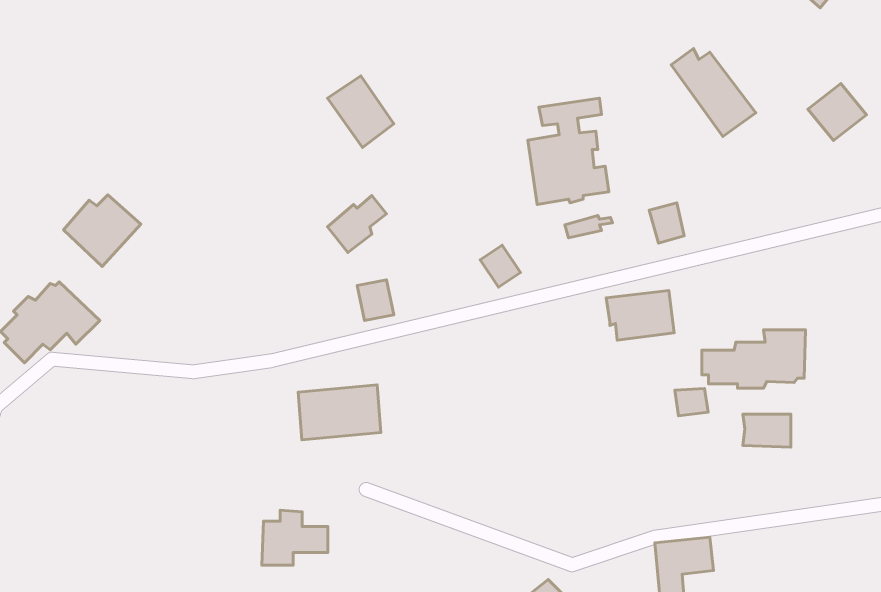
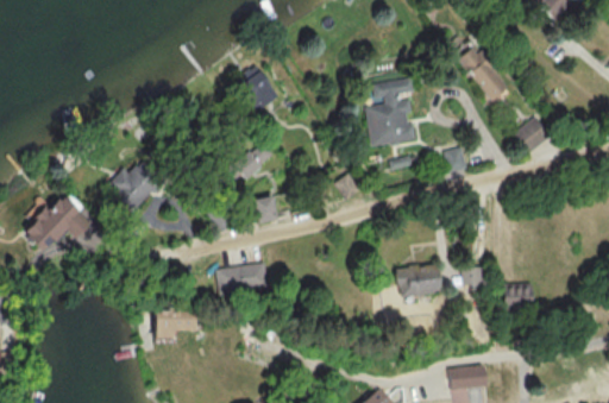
building: [808,83,867,140] -> [514,117,552,153]
building: [64,195,141,266] -> [106,164,156,210]
building: [606,290,674,340] -> [394,263,438,295]
building: [702,330,806,388] -> none
building: [262,510,328,565] -> [155,303,197,339]

